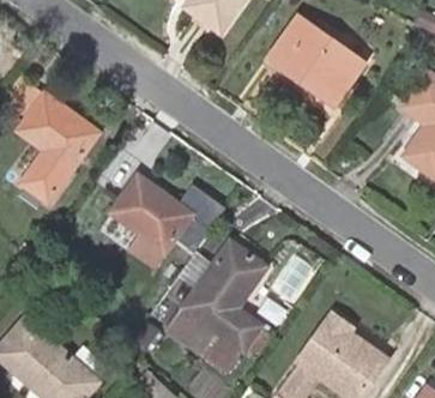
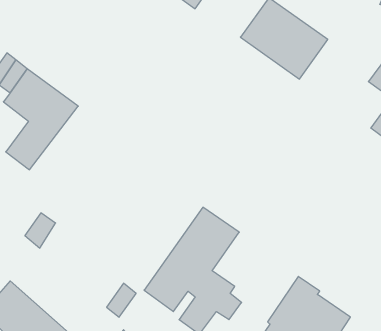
building: [110,174,226,266] -> none

